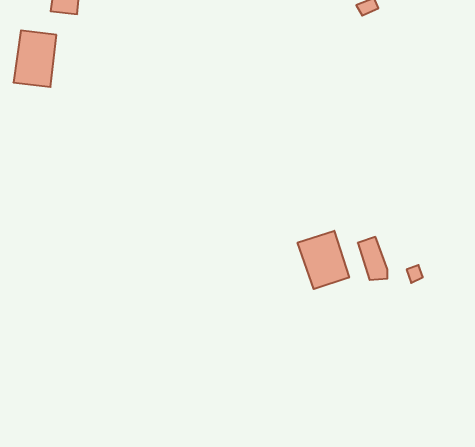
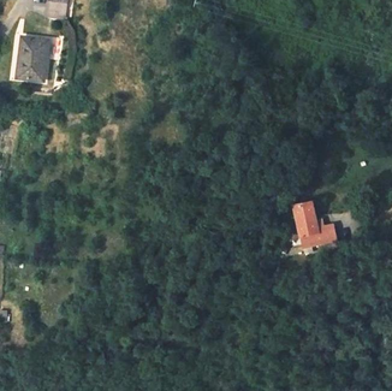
building: [298,231,349,289] -> none

